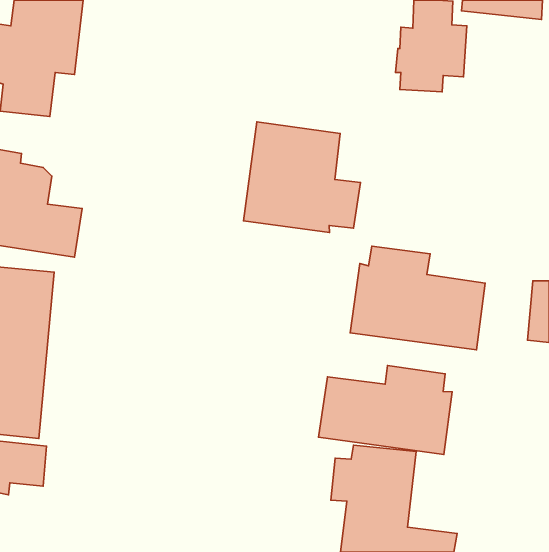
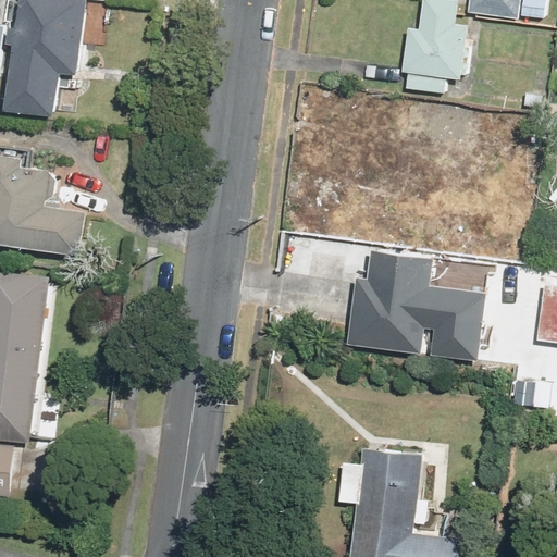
building: [243,122,360,232] -> none
building: [319,366,452,454] -> none

